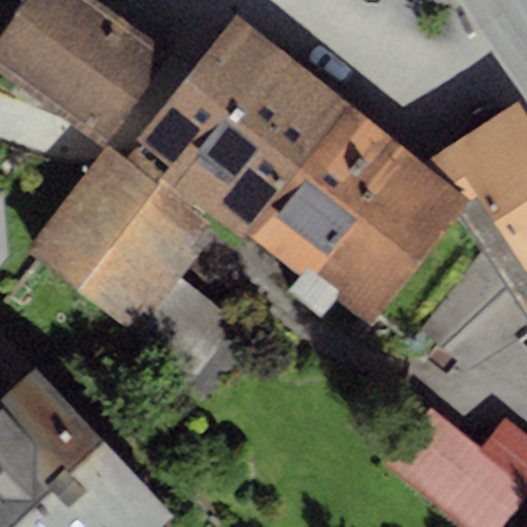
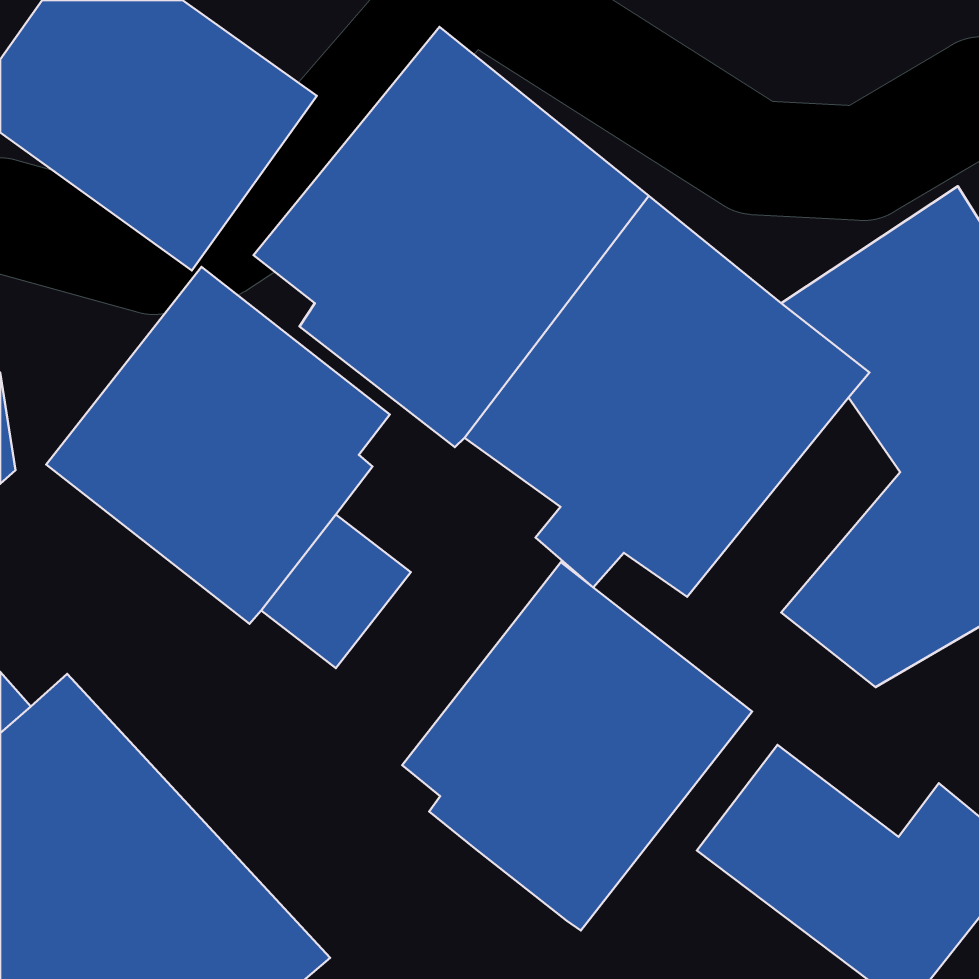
building: none -> [402,562,752,931]

